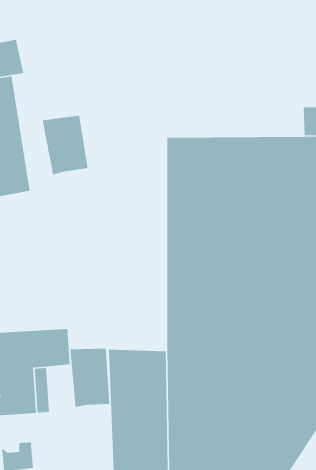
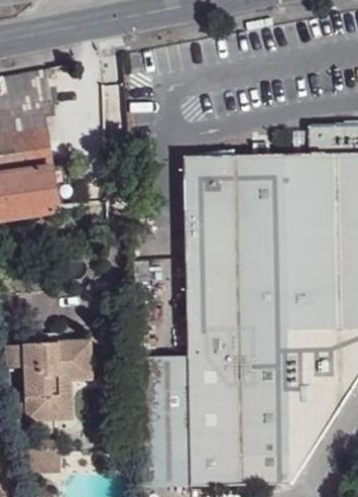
building: [42,115,88,176] -> none
building: [70,348,110,408] -> none

